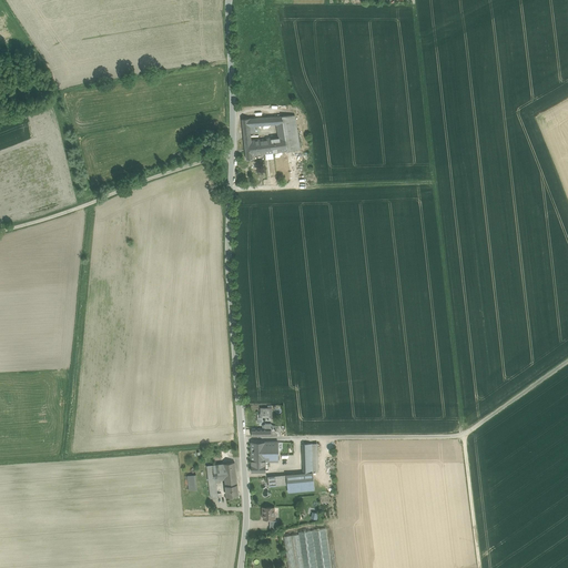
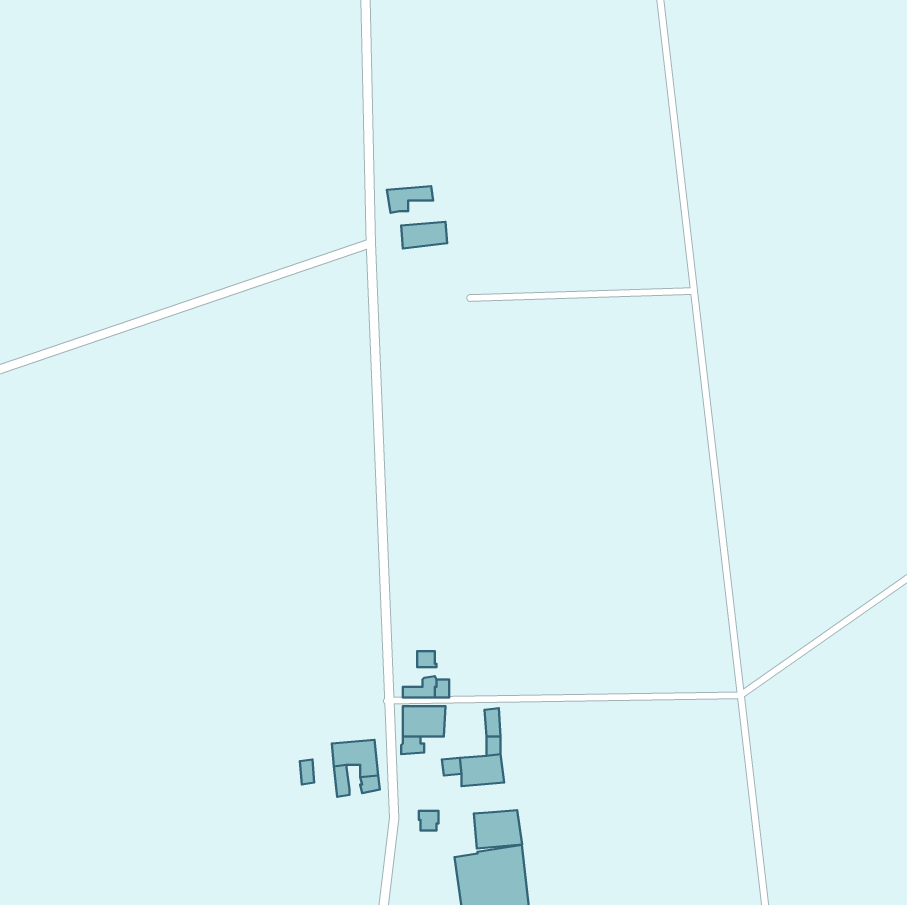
building: [274,116,301,153] -> none
building: none -> [474,810,522,848]

